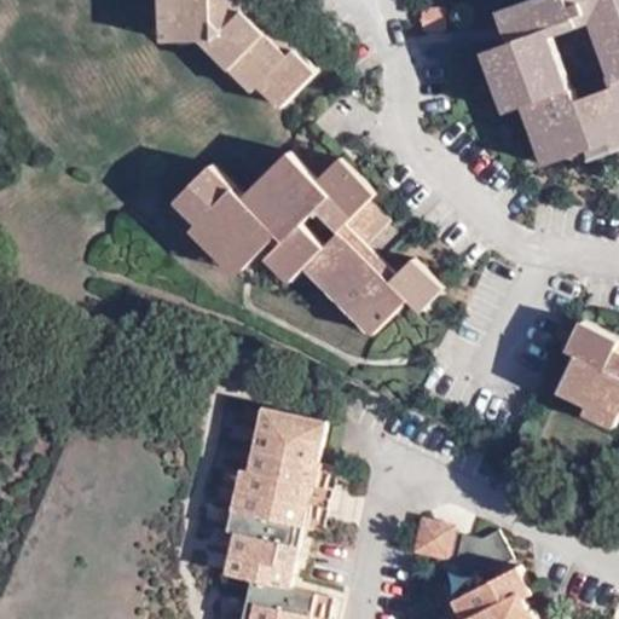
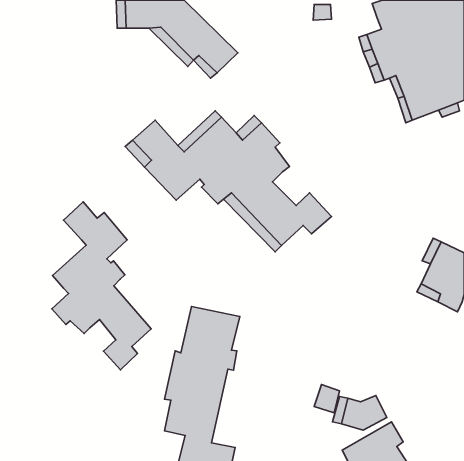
building: none -> [52,202,151,370]

